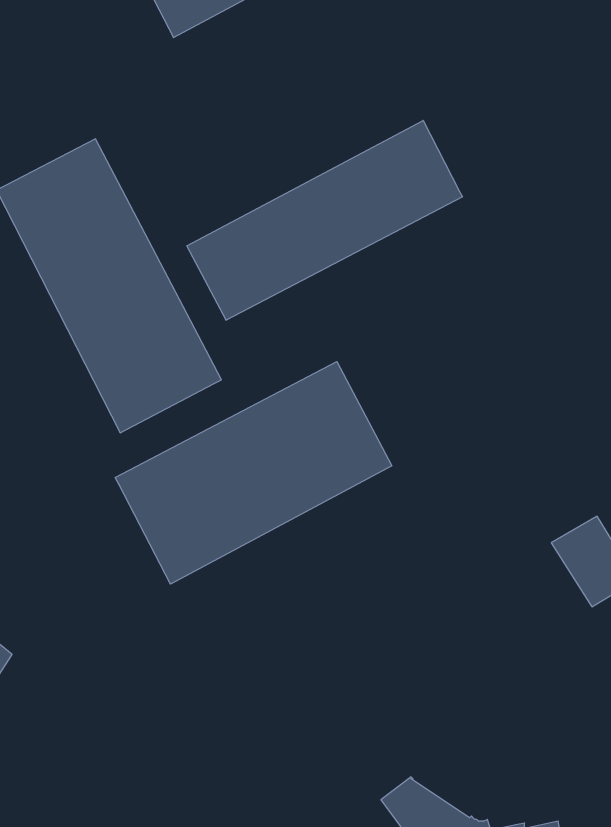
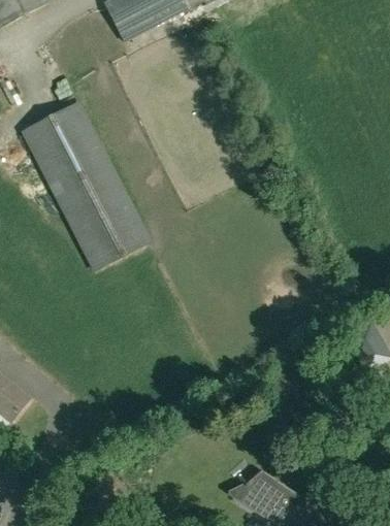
building: [187,120,462,320] -> none
building: [115,362,392,584] -> none

